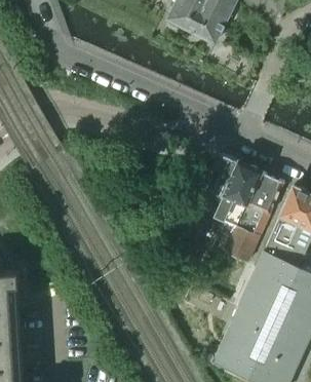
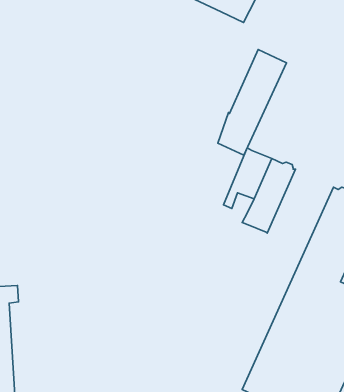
building: [225,170,284,262] -> [218,50,286,155]

